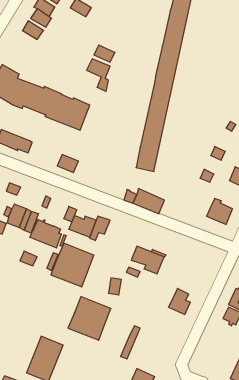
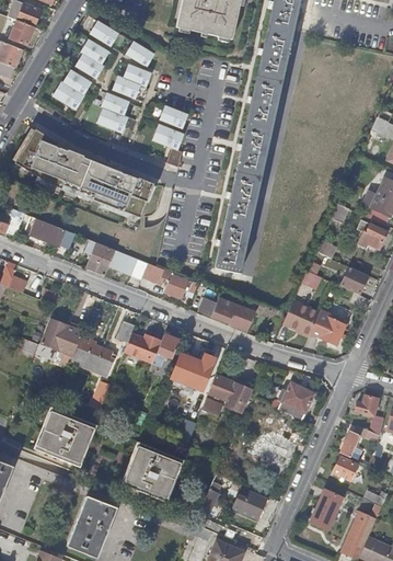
building: none -> [113,61,152,95]
building: none -> [51,82,83,111]
building: none -> [95,89,129,129]
building: none -> [89,243,115,275]
building: none -> [145,264,198,298]
building: none -> [276,300,321,343]
building: none -> [172,354,216,390]
building: [51,243,94,287] -> [37,408,95,467]
building: none -> [281,382,314,413]
building: none -> [233,492,267,520]
building: none -> [311,501,338,530]

